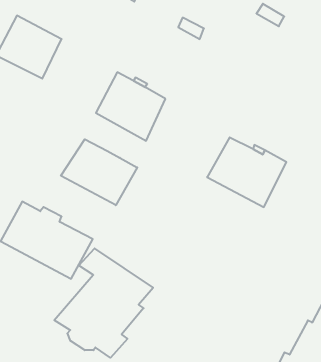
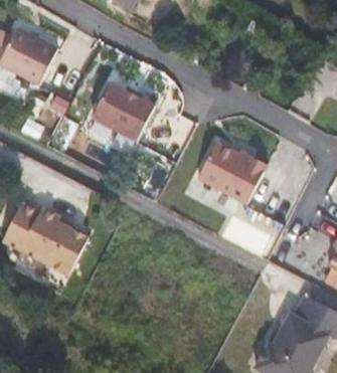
building: [61,139,137,205] -> none
building: [54,248,153,358] -> none

